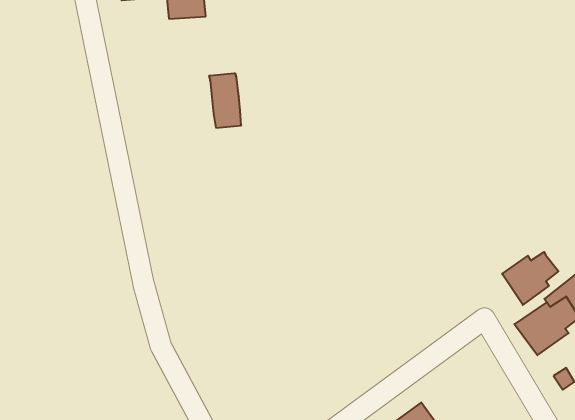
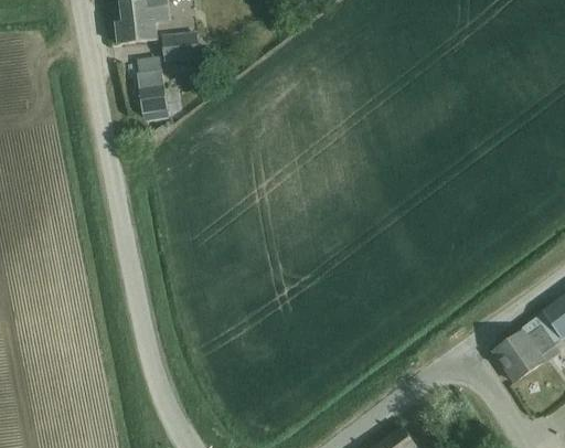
building: [209,74,241,128] -> [137,68,168,120]
building: [502,252,558,305] -> none

